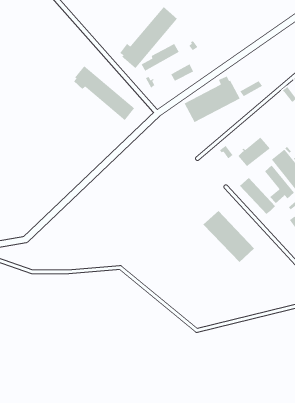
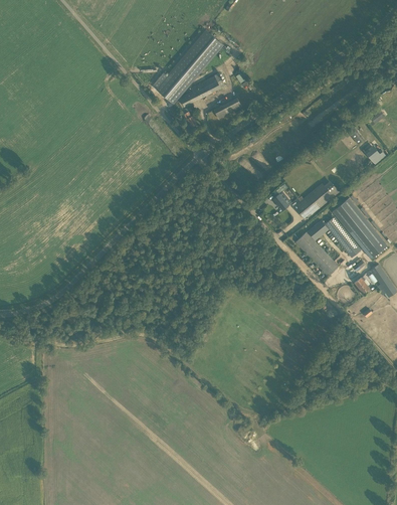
building: [73,65,135,121] -> none
building: [183,76,241,123] -> none
building: [203,210,255,263] -> none

